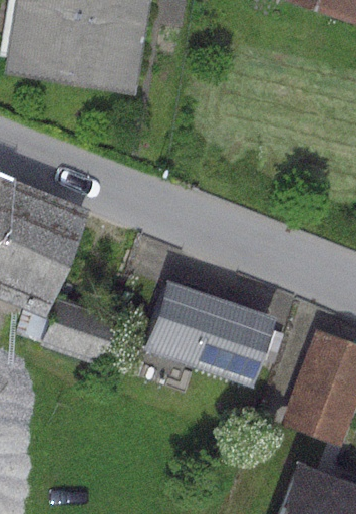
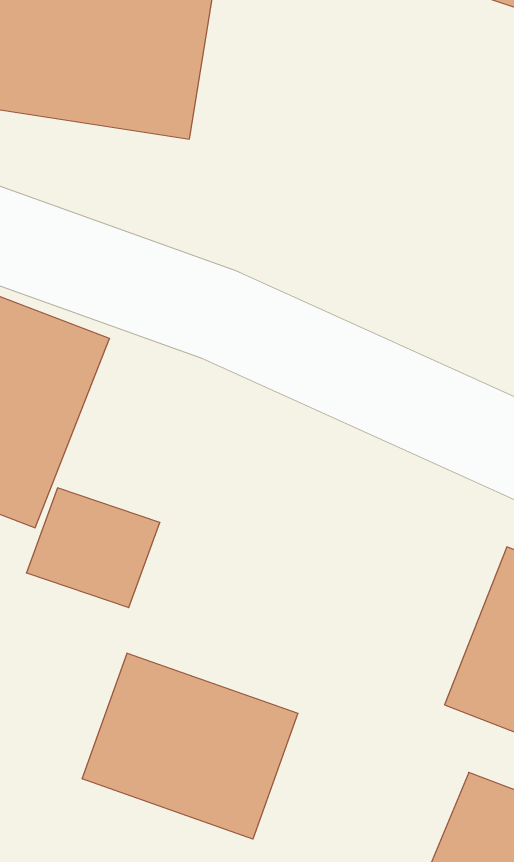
building: [142,279,276,388] -> none
building: none -> [82,653,298,839]

